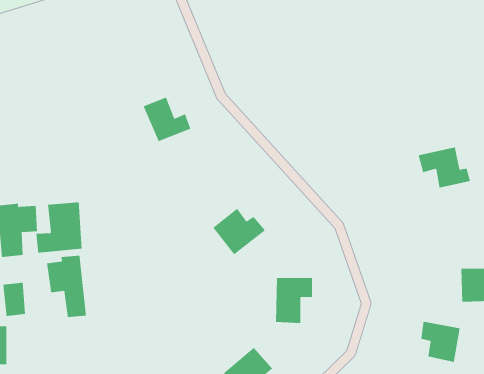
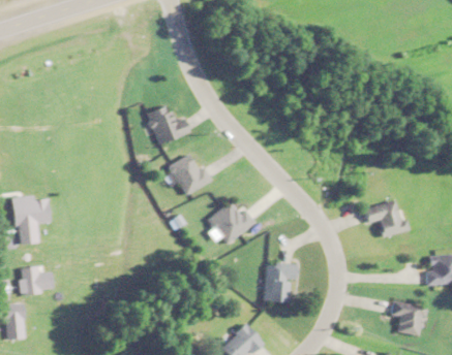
building: [418,147,471,188] -> [361,200,408,236]
building: none -> [168,154,212,195]
building: [36,201,82,253] -> none
building: [47,255,87,318] -> none

